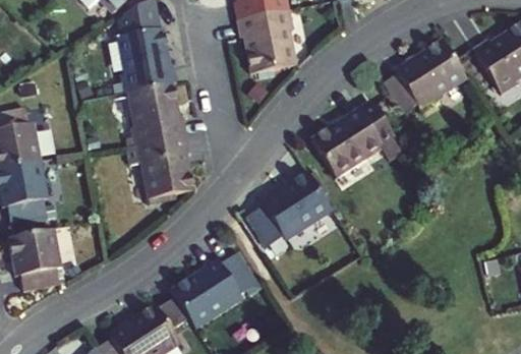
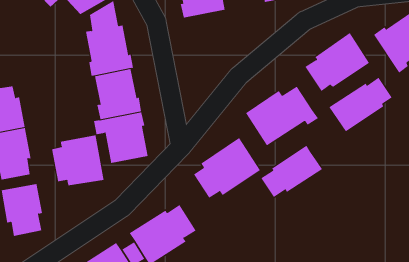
building: [238,13,297,76] -> none
building: none -> [328,77,393,132]
building: none -> [52,135,104,186]
building: none -> [260,145,323,198]

